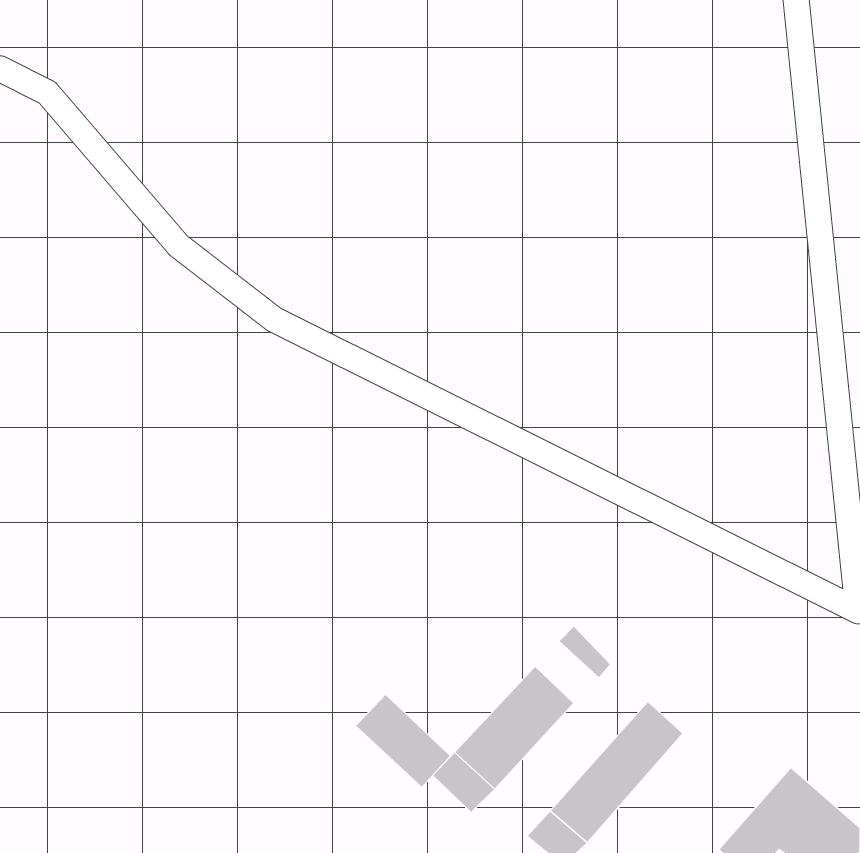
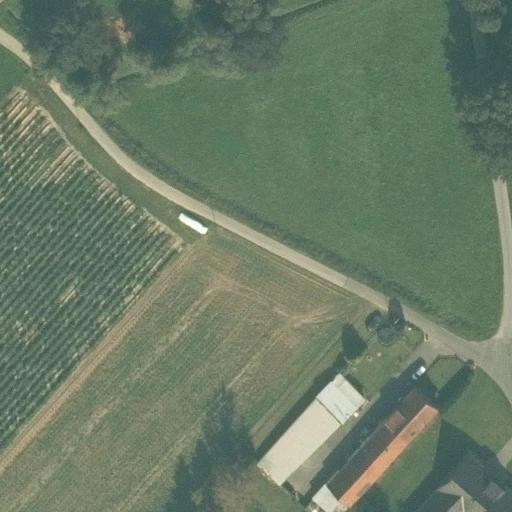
building: none -> [318,385,356,422]
building: none -> [385,389,435,440]
building: [355,694,451,787] -> none

